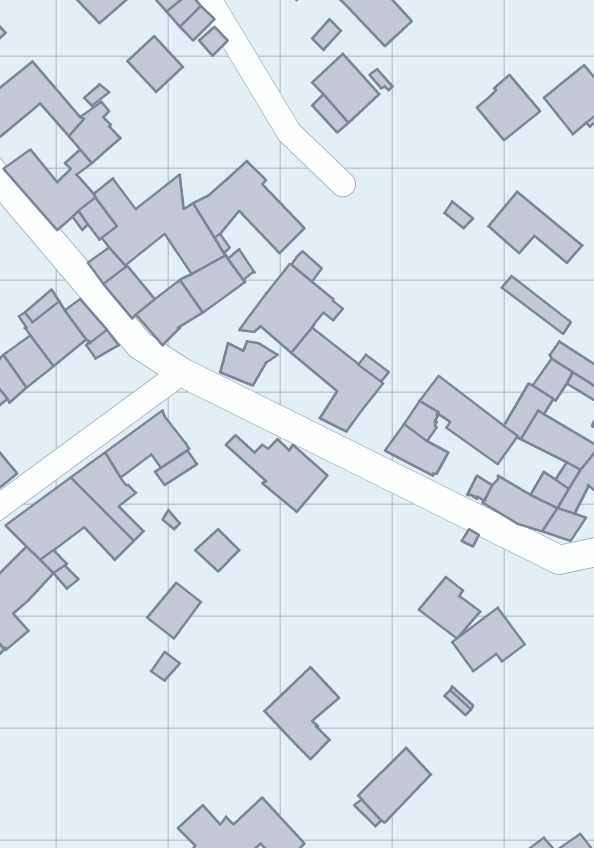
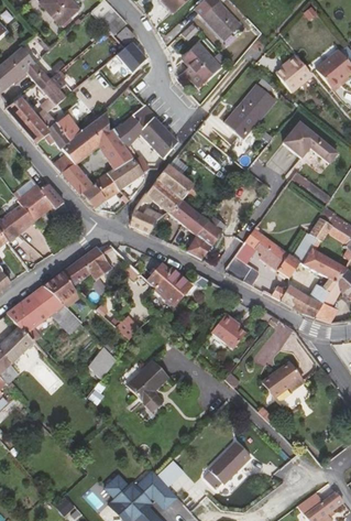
building: [127,36,183,92] -> [116,40,147,72]
building: none -> [223,84,275,138]
building: [419,577,480,638] -> [210,313,245,348]
building: [264,667,339,759] -> [125,359,168,412]

